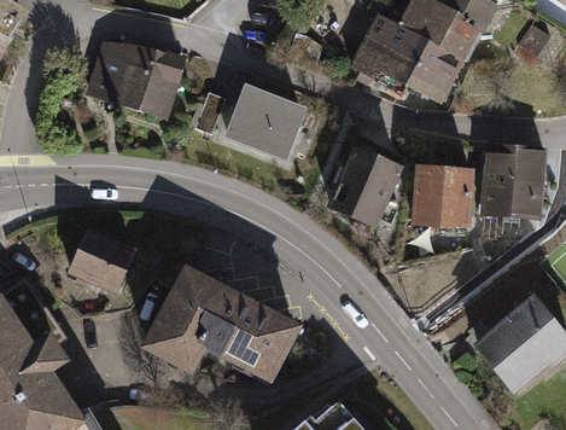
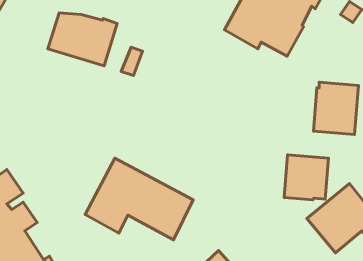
building: [226,83,309,162] -> none
building: [322,146,401,232] -> none
building: [407,165,472,232] -> [284,155,328,200]
building: [66,226,135,291] -> none

